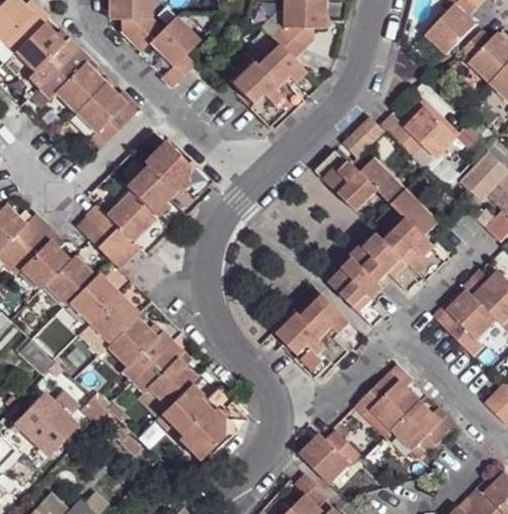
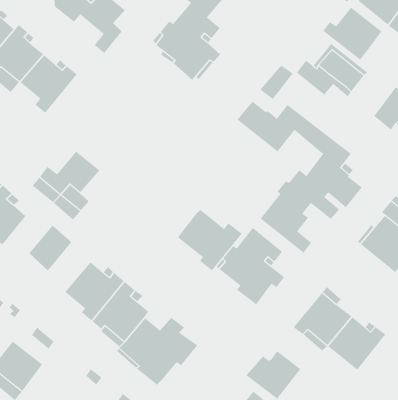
building: none -> [322,7,382,61]
building: [126,140,211,215] -> none
building: [44,254,93,304] -> none
building: none -> [177,209,242,271]
building: [88,291,138,341] -> none

